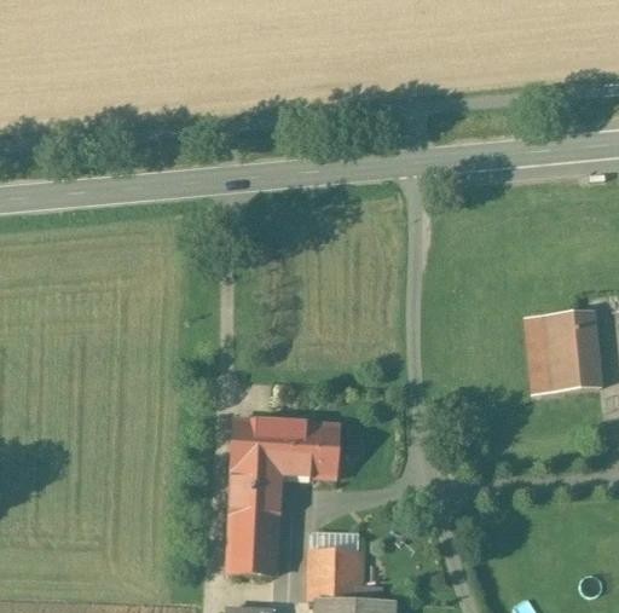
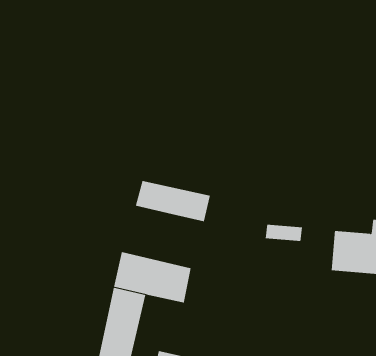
building: [527,311,580,336] -> [265,224,303,242]
building: none -> [135,180,210,222]

